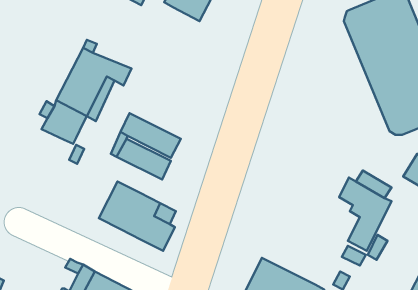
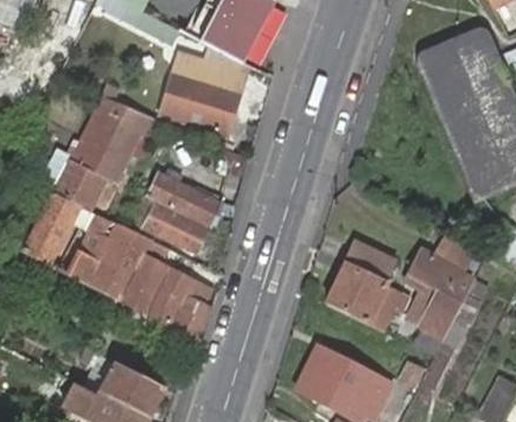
building: none -> [163,46,250,135]
building: none -> [24,192,81,263]
building: none -> [69,224,152,299]
building: none -> [327,242,412,330]

